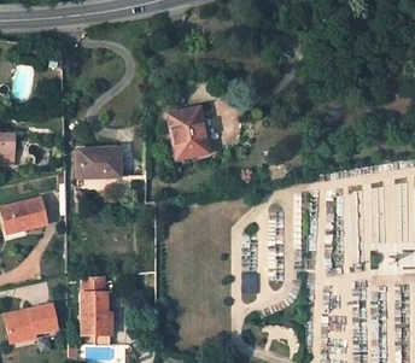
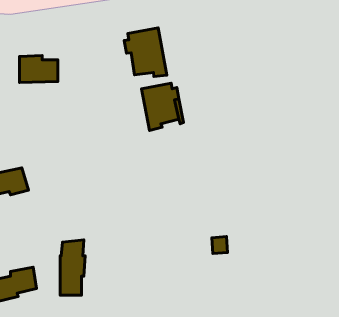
building: none -> [124,28,167,76]
building: [78,148,119,177] -> [19,55,58,83]

